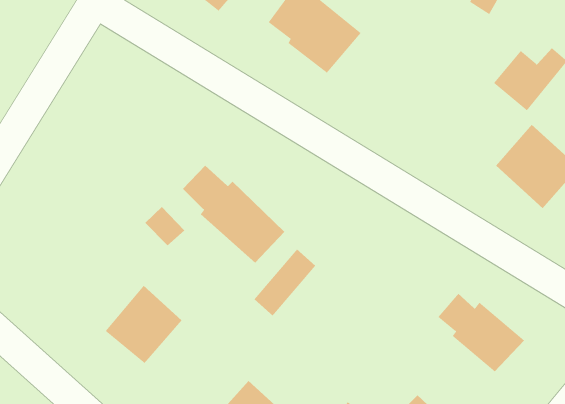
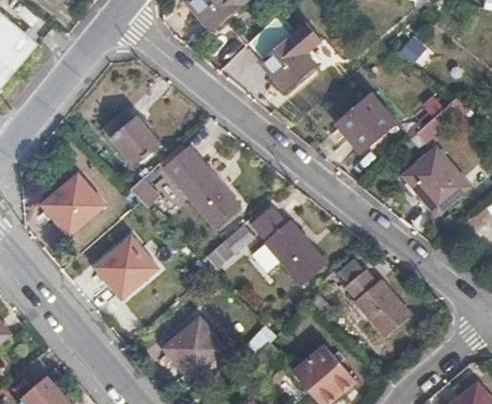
building: none -> [338,93,398,154]
building: none -> [102,110,159,164]
building: none -> [38,171,98,229]
building: none -> [252,207,325,284]

